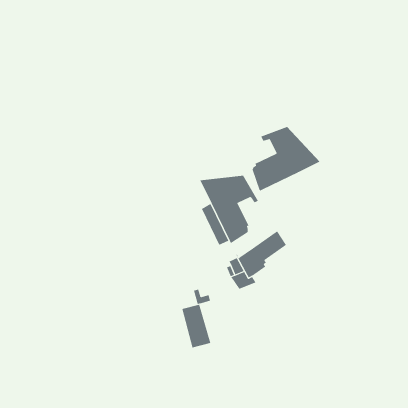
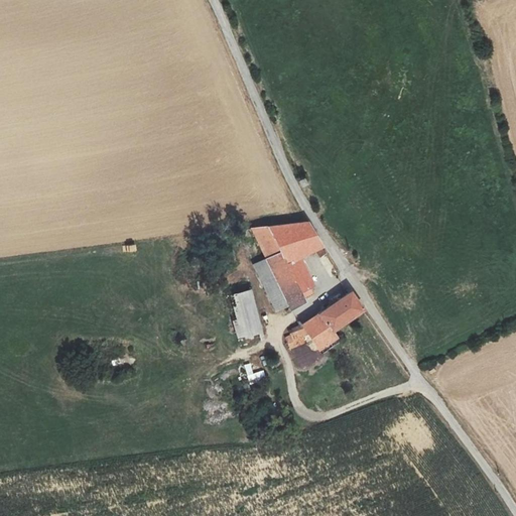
building: [252,126,320,192] -> none
building: [181,304,211,348] -> [228,289,265,345]

